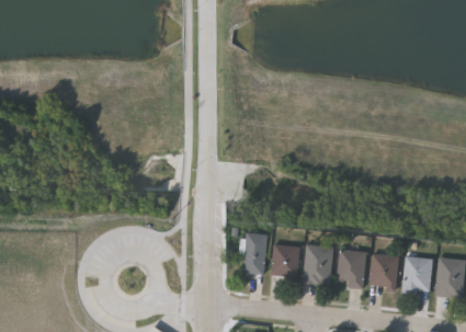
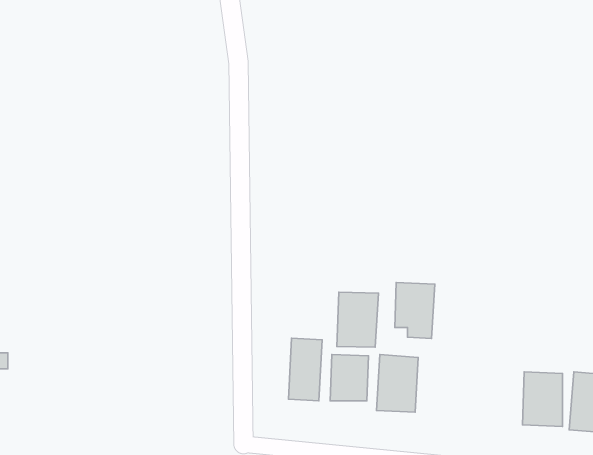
building: none -> [337,292,378,347]
building: [338,250,365,288] -> [395,283,435,339]
building: [371,254,398,285] -> none

